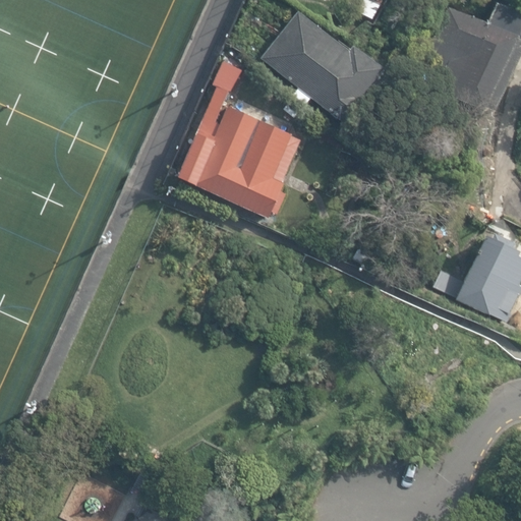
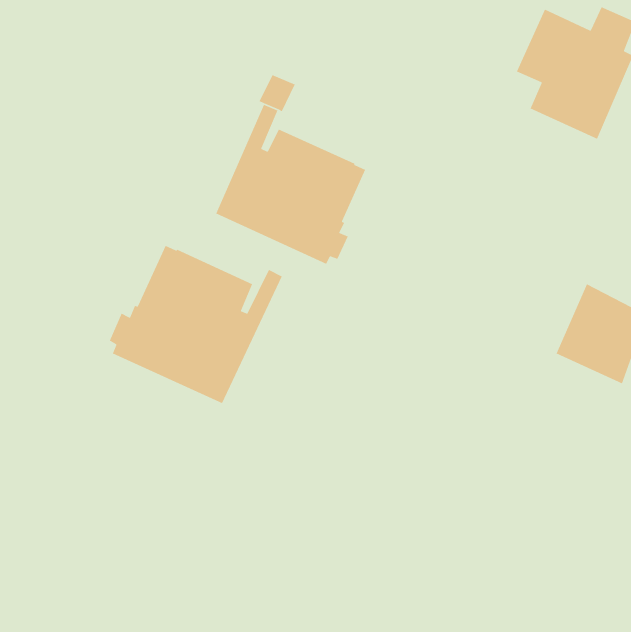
building: [262,10,386,123] -> none
building: none -> [109,245,283,404]

